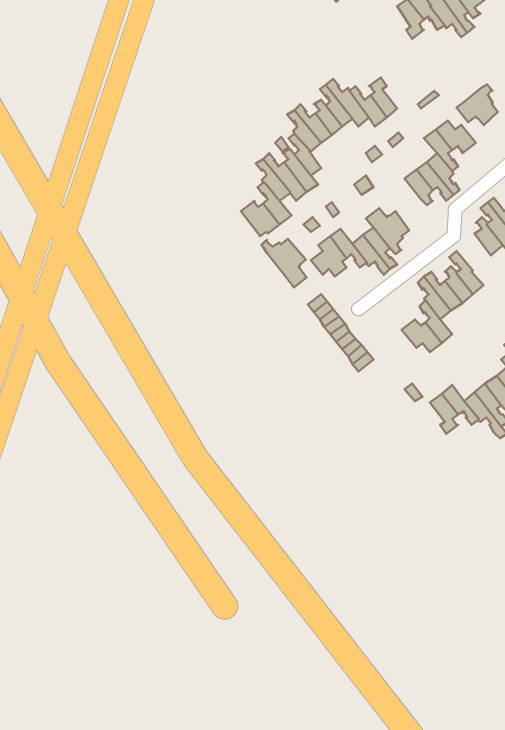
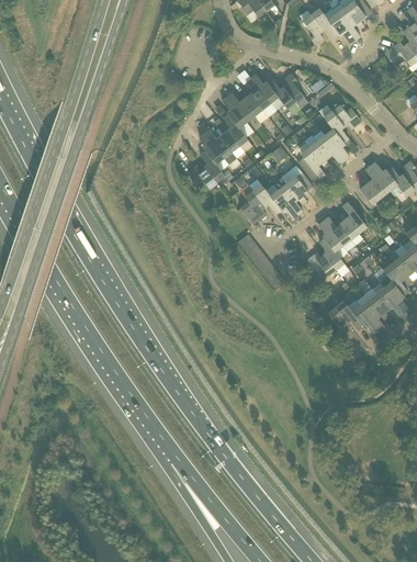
building: [456,85,498,125] -> none
building: none -> [297,147,326,181]
building: [261,239,307,288] -> none

